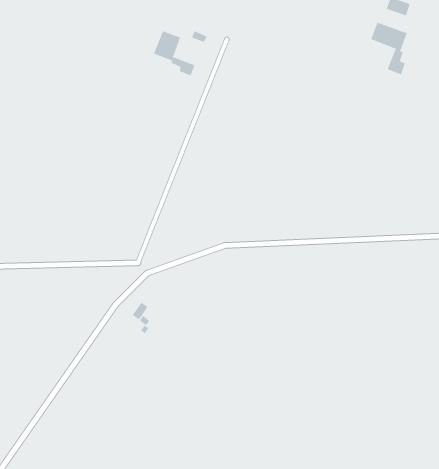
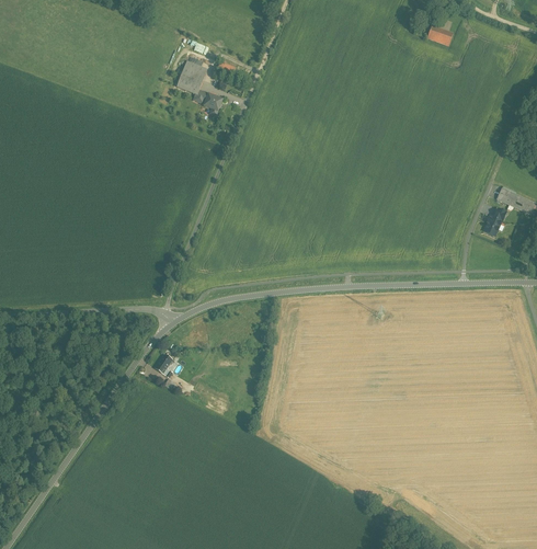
building: [370,22,408,75] -> none

